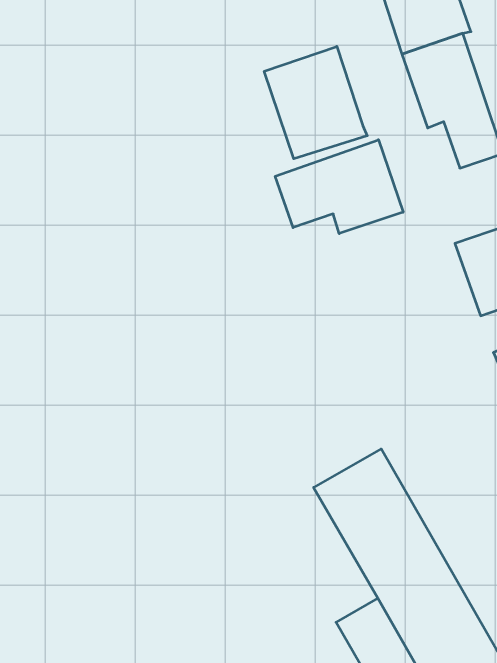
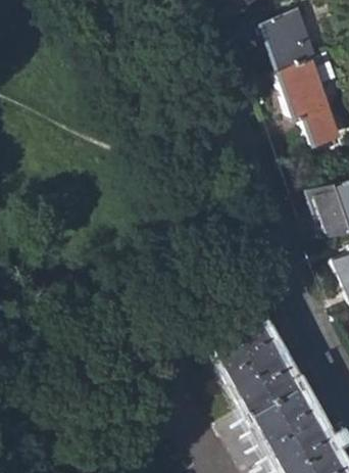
building: [264,46,367,159] -> none
building: [275,140,403,234] -> none

